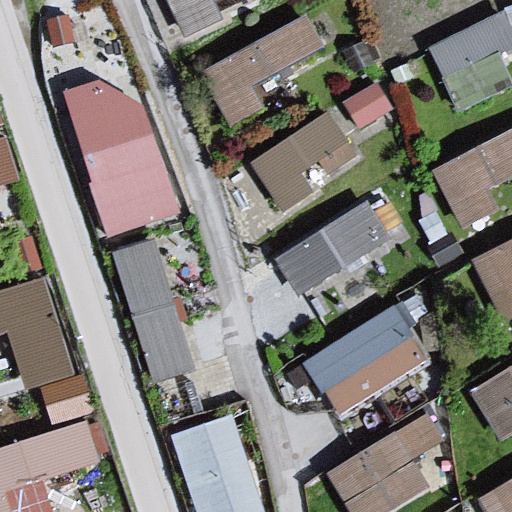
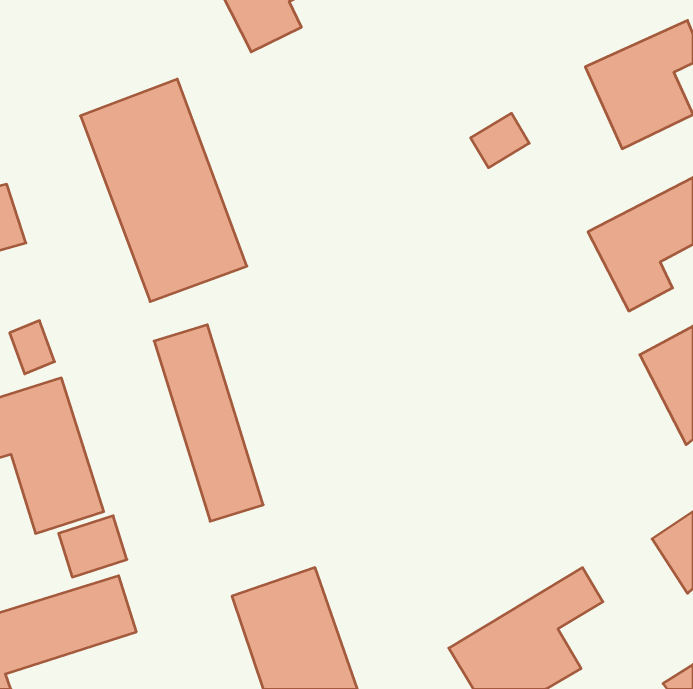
building: [200,13,324,129] -> none
building: [253,114,346,211] -> none
building: [278,203,389,295] -> none
building: [307,309,425,413] -> none

